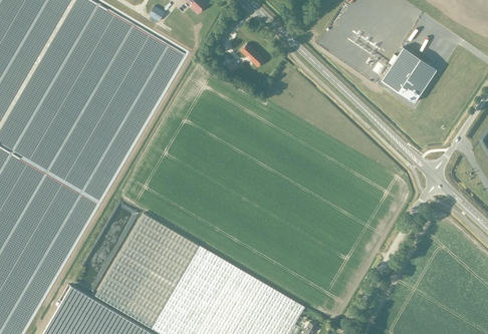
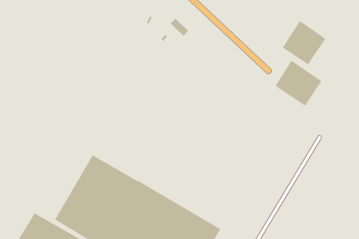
building: none -> [275,60,322,106]

